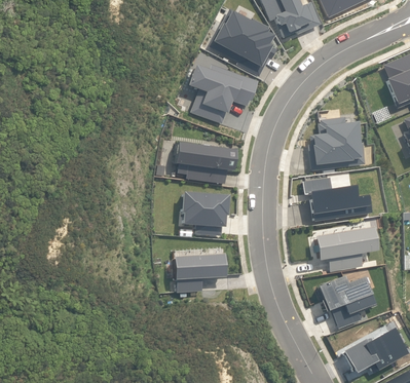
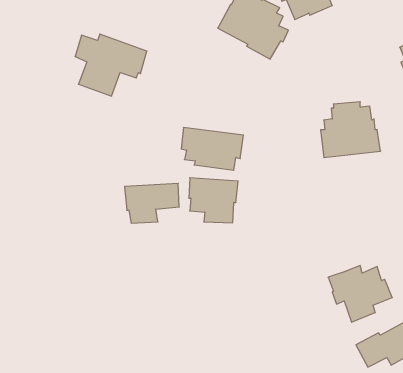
building: [190,62,259,121] -> [75,34,147,96]
building: [303,175,373,216] -> none
building: [314,227,377,272] -> none
building: [173,254,225,292] -> [125,183,179,223]

